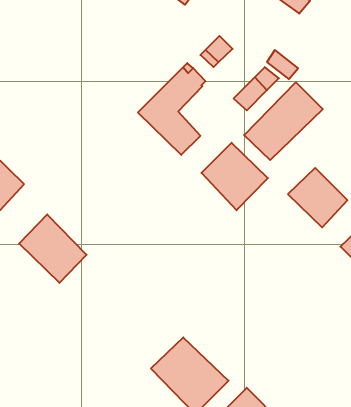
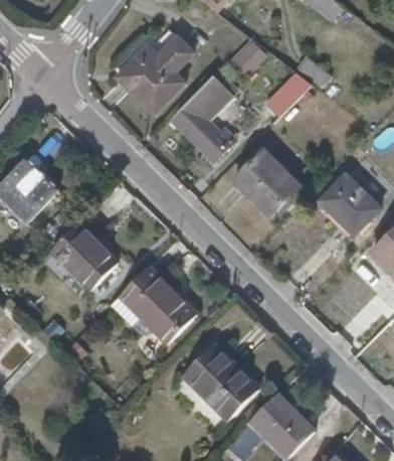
building: none -> [117,32,191,113]
building: [244,82,323,160] -> none
building: none -> [110,265,196,342]

